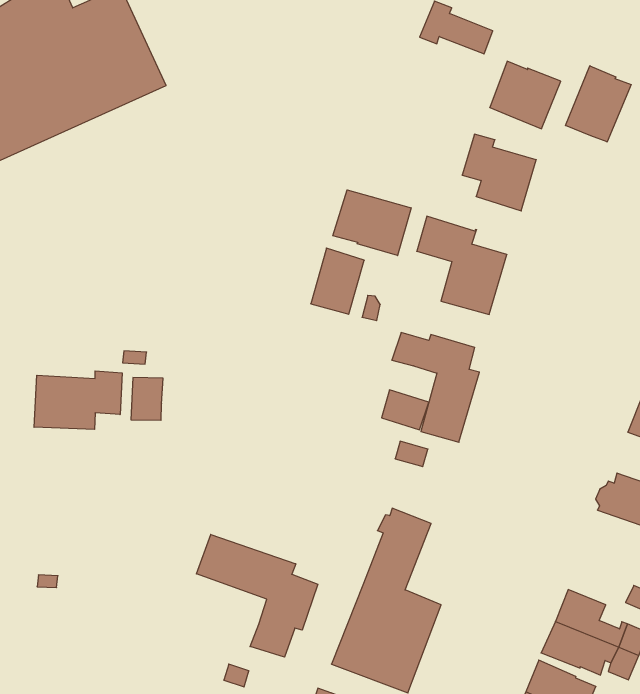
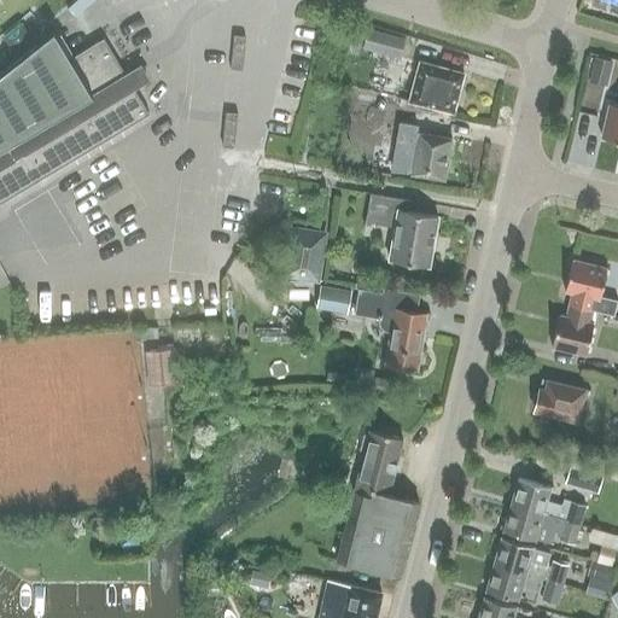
building: [566,66,631,142] -> none
building: [333,190,411,256] -> none
building: [34,371,122,429] -> none
building: [382,390,429,430] -> [315,286,351,315]
building: [196,534,318,657] -> none

